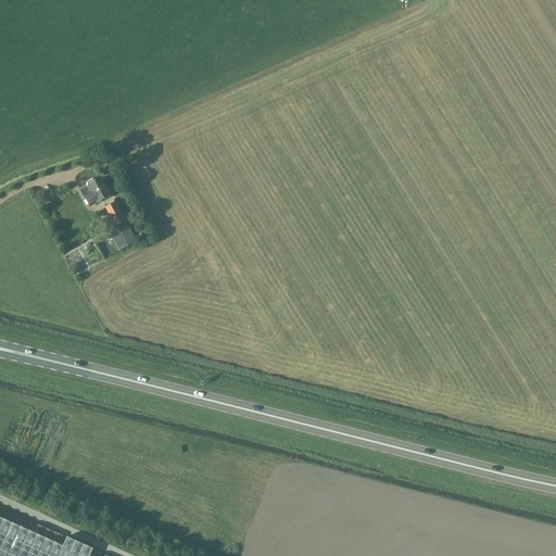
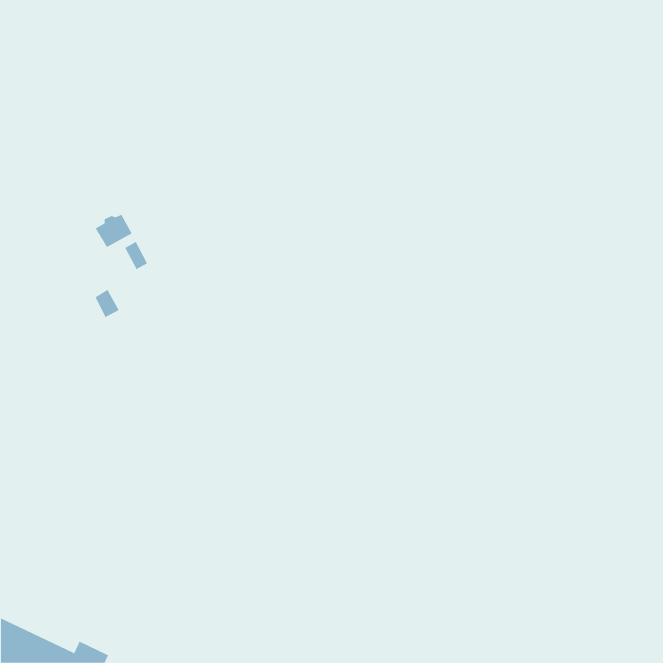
building: [109,224,136,252] -> none

